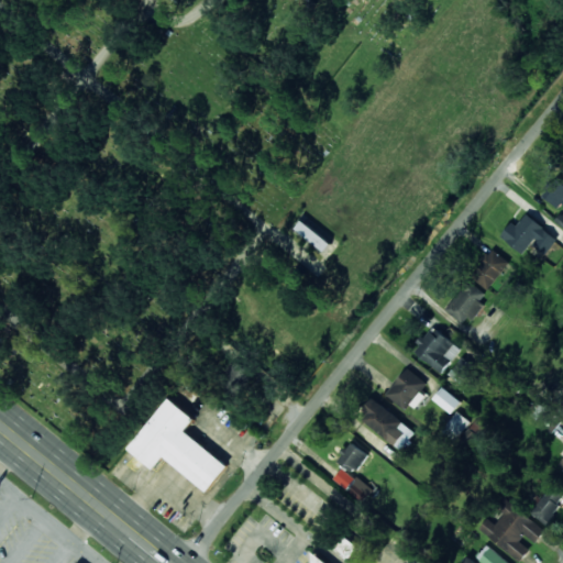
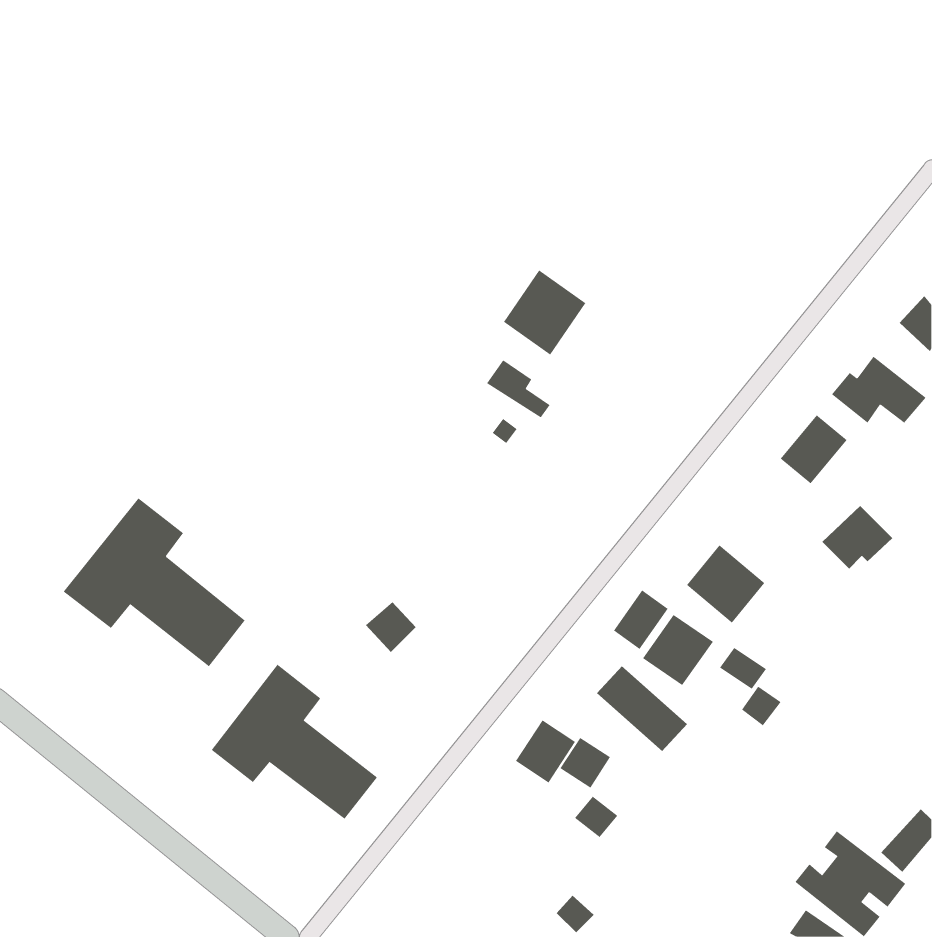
building: none -> [503,270,586,355]
building: [442,286,485,324] -> [822,505,893,569]
building: none -> [63,497,246,667]
building: none -> [613,590,669,650]
building: none -> [515,719,576,784]

